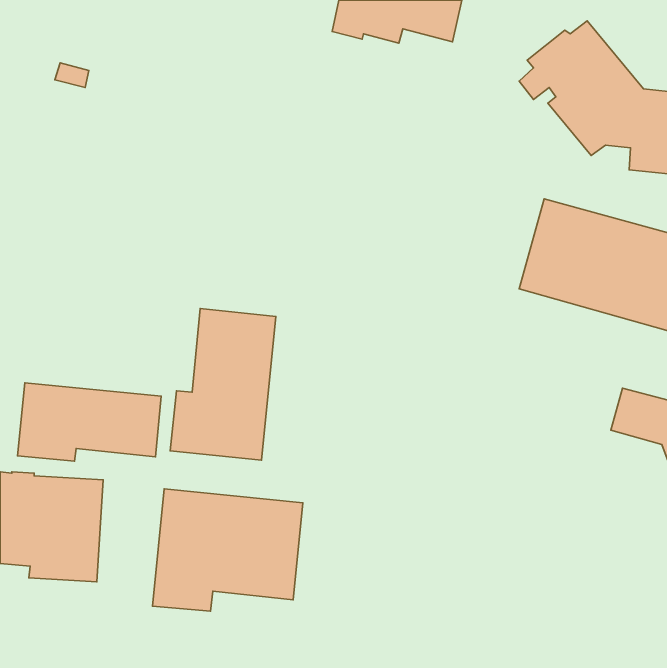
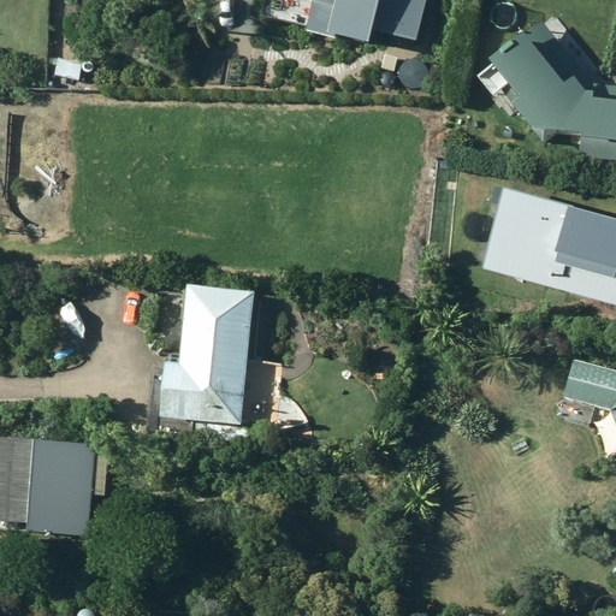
building: [17,383,161,461] -> none
building: [152,489,303,611] -> none

